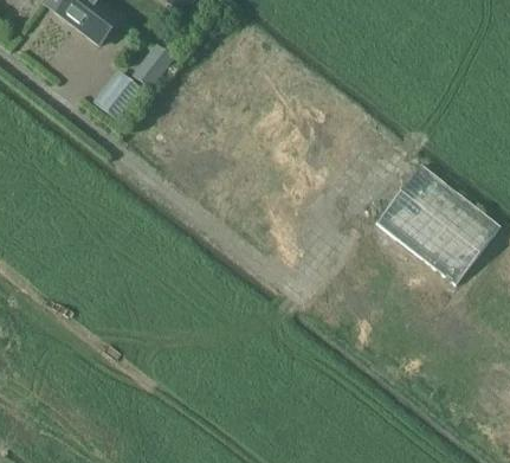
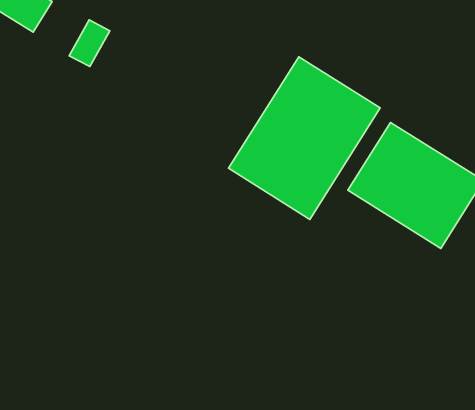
building: [95,67,141,115] -> none
building: none -> [229,57,380,219]

